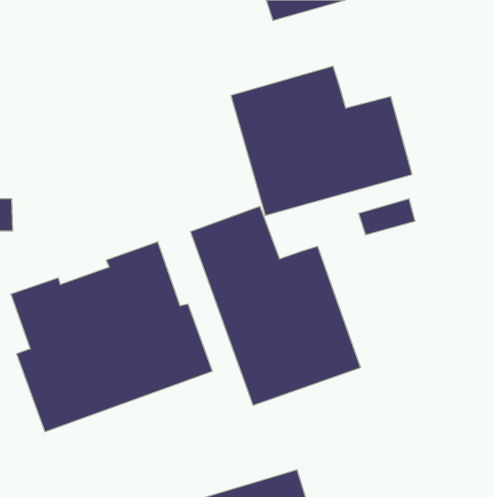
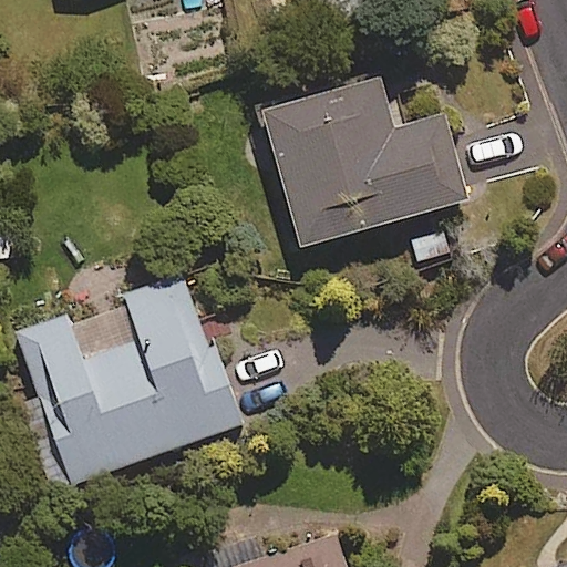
building: [191,206,360,405] -> none

